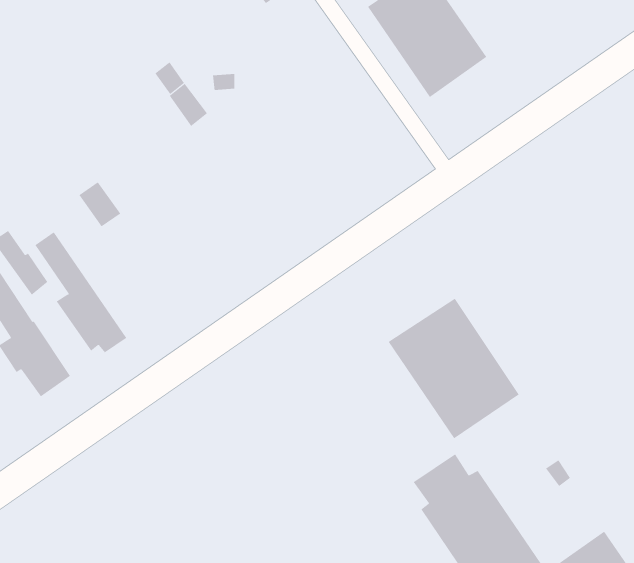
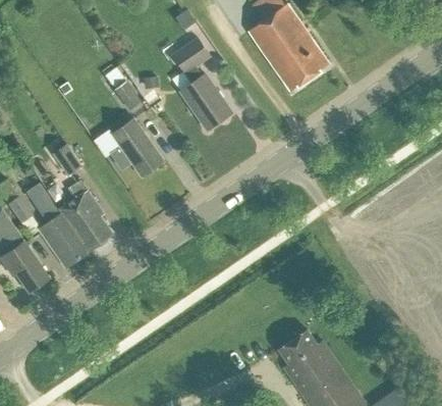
building: none -> [172,39,232,132]
building: none -> [111,120,163,177]
building: none -> [60,183,113,252]
building: [388,298,520,439] -> none

